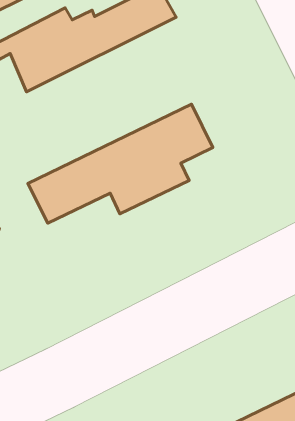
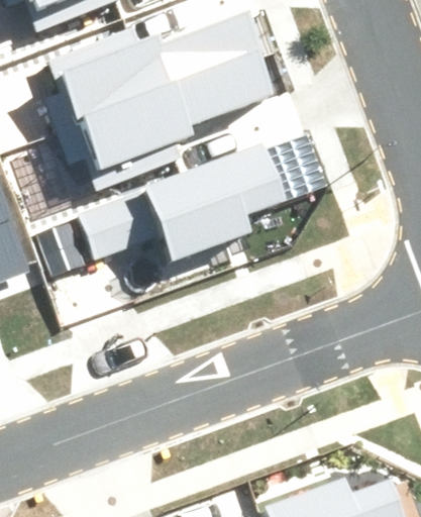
building: none -> [76,51,269,186]

